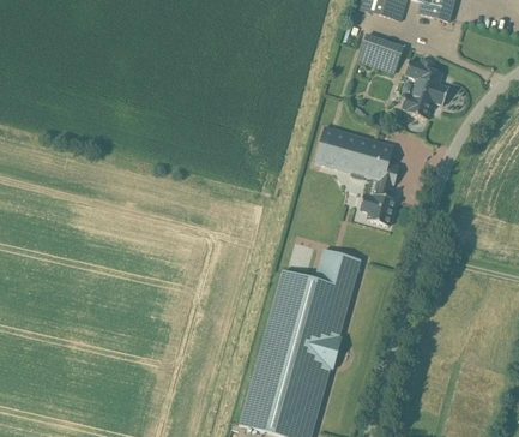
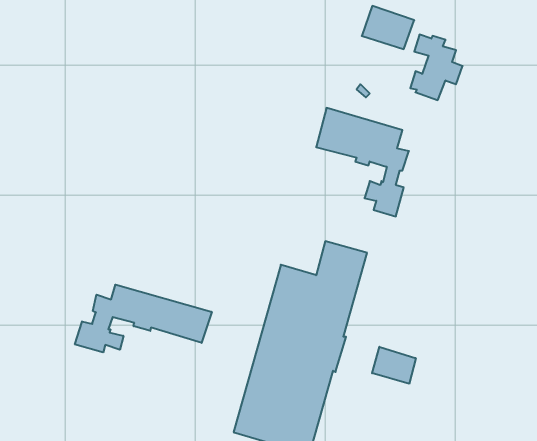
building: none -> [75,285,212,352]
building: none -> [372,347,416,384]

